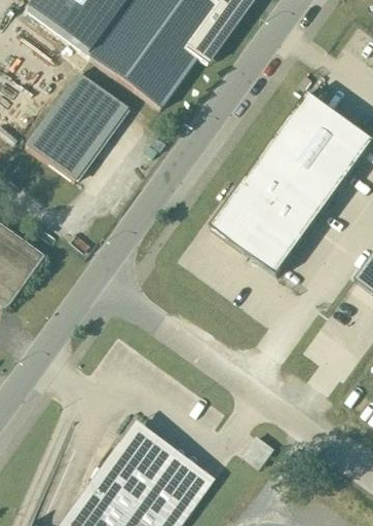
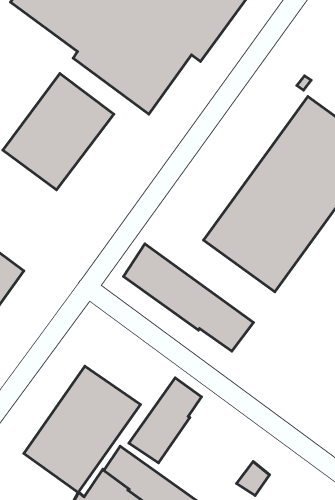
building: none -> [123,244,253,351]
building: none -> [24,366,141,493]
building: none -> [129,378,201,463]

